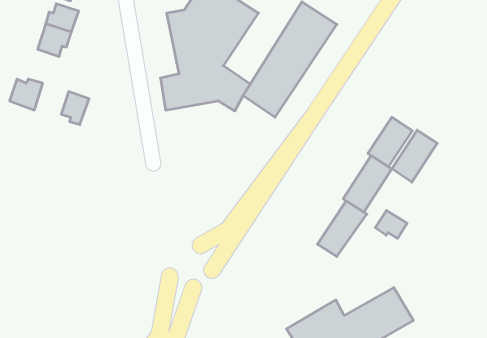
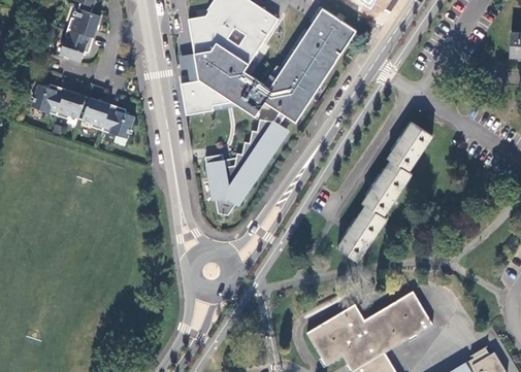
building: none -> [55,88,85,117]
building: none -> [100,103,134,137]
building: none -> [204,119,286,215]
building: [392,130,437,182] -> none
building: [375,210,407,238] -> none

